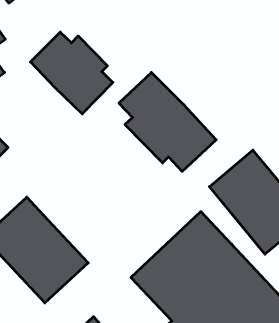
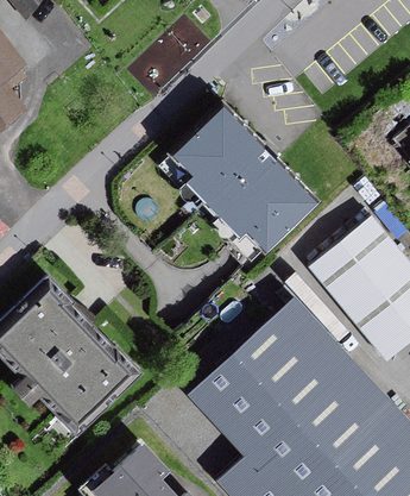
building: [30,32,113,114] -> none

